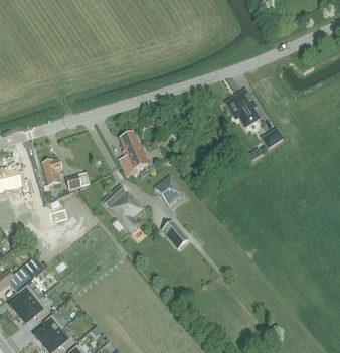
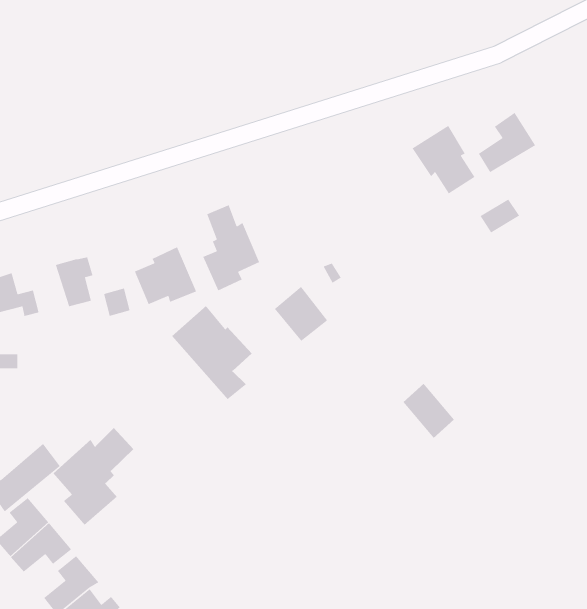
building: none -> [478,112,536,173]
building: none -> [134,246,197,305]
building: [162,219,189,248] -> [403,383,455,439]
building: none -> [53,427,134,526]

